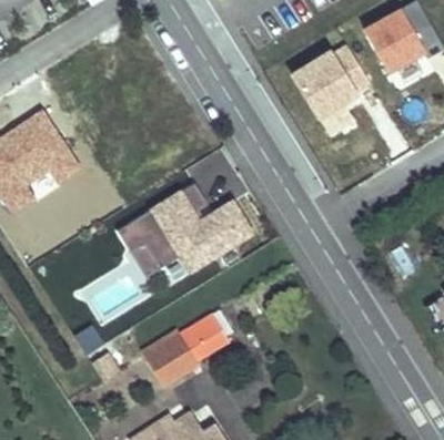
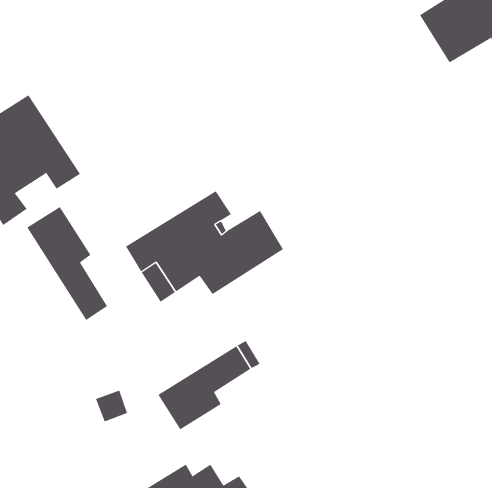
building: [292,44,370,117] -> none
building: none -> [27,206,108,321]

